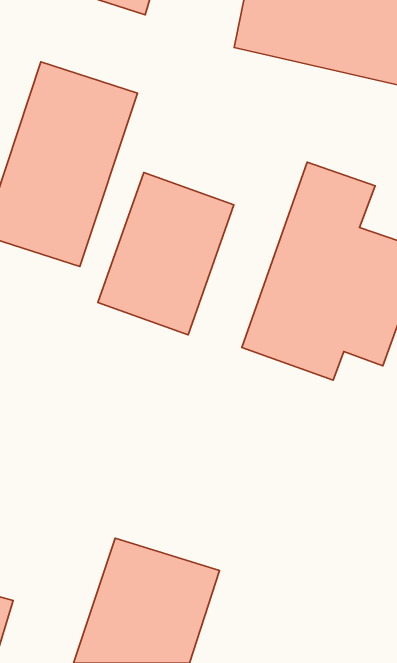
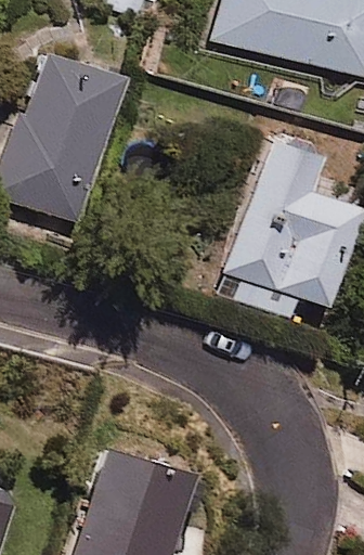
building: [98,173,234,335] -> none

